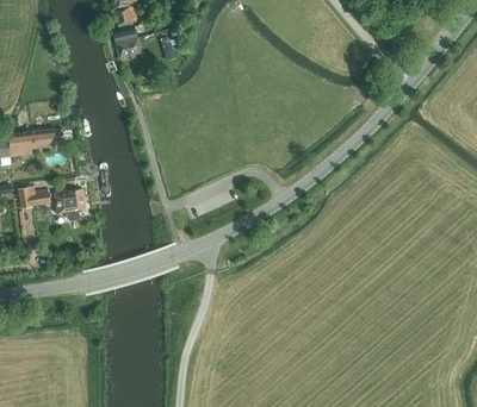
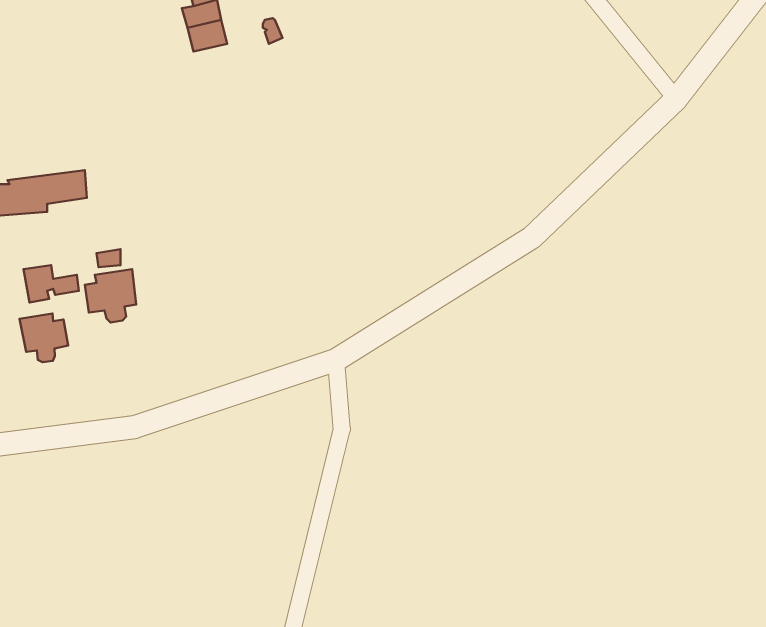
building: none -> [19,313,68,362]

